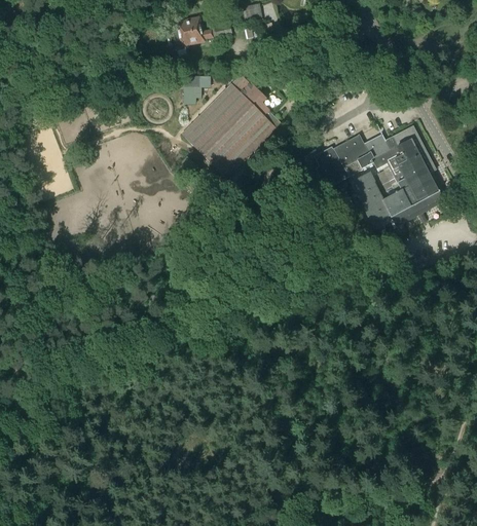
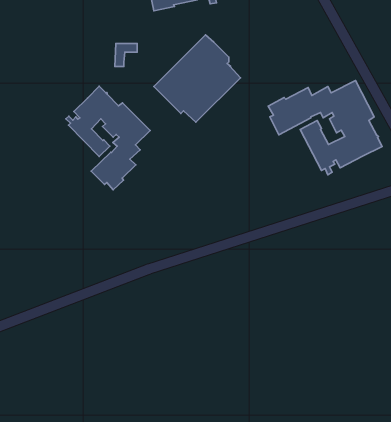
building: [183,76,209,103] -> [115,43,137,67]
building: none -> [66,86,150,190]

